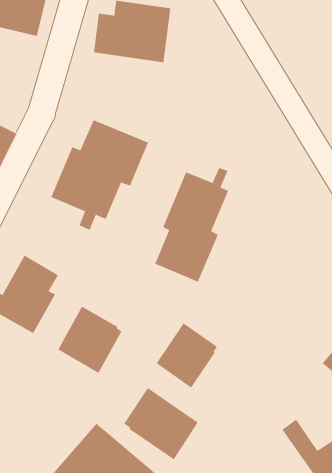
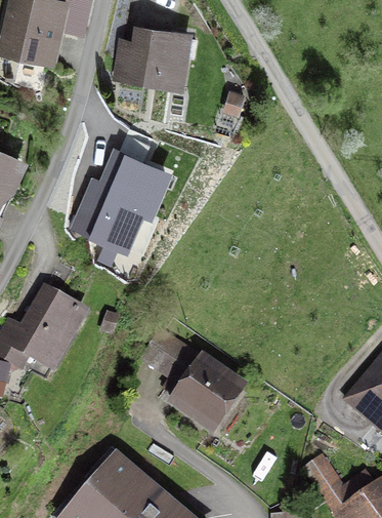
building: [155,167,229,283] -> none
building: [57,306,122,374] -> none
building: [124,387,198,460] -> none

